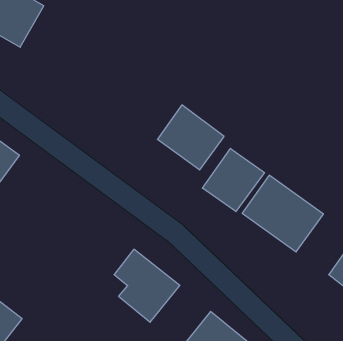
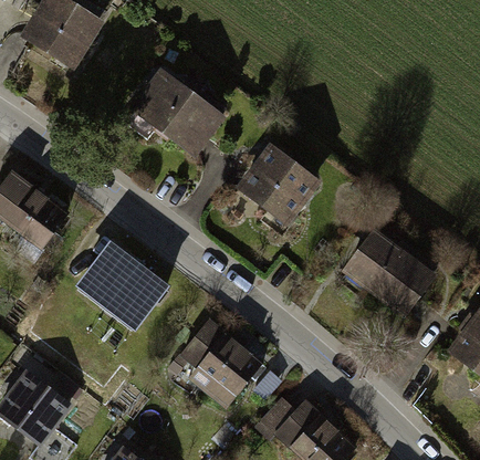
building: none -> [129,72,227,163]
building: [202,148,264,212] -> none
building: none -> [80,241,165,320]

